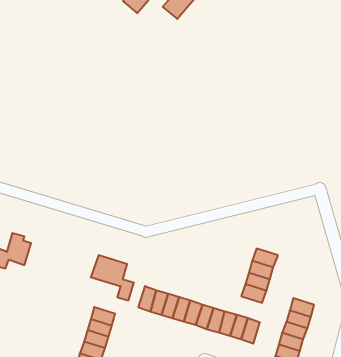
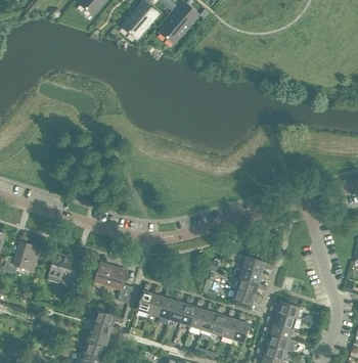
building: none -> [47,253,82,284]

